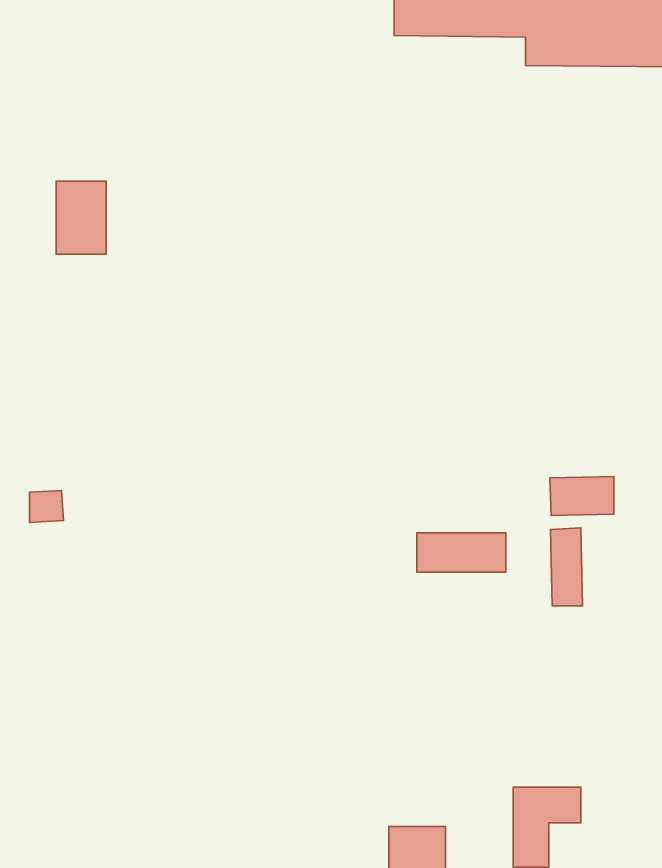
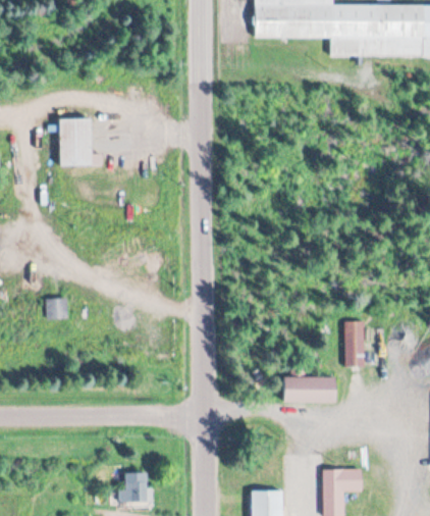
building: [550,477,614,516] -> none
building: [417,533,506,572] -> [283,377,334,400]
building: none -> [119,475,151,504]

